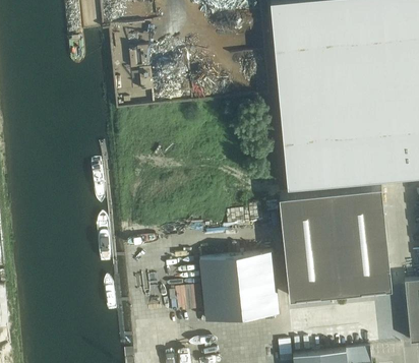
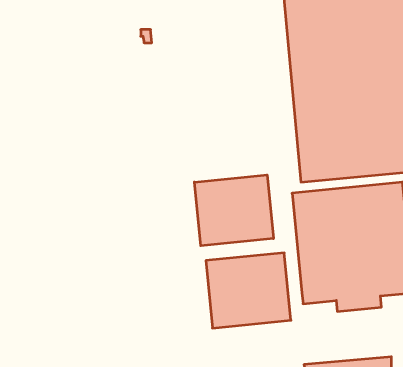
building: none -> [194,175,273,246]

